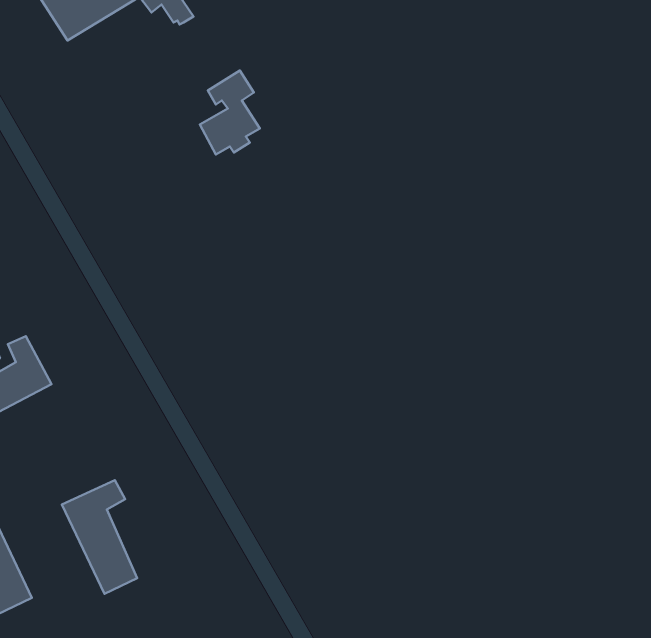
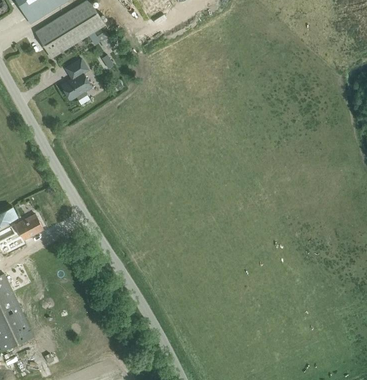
building: [200,71,260,154] -> [61,59,91,101]
building: [62,480,137,594] -> none

